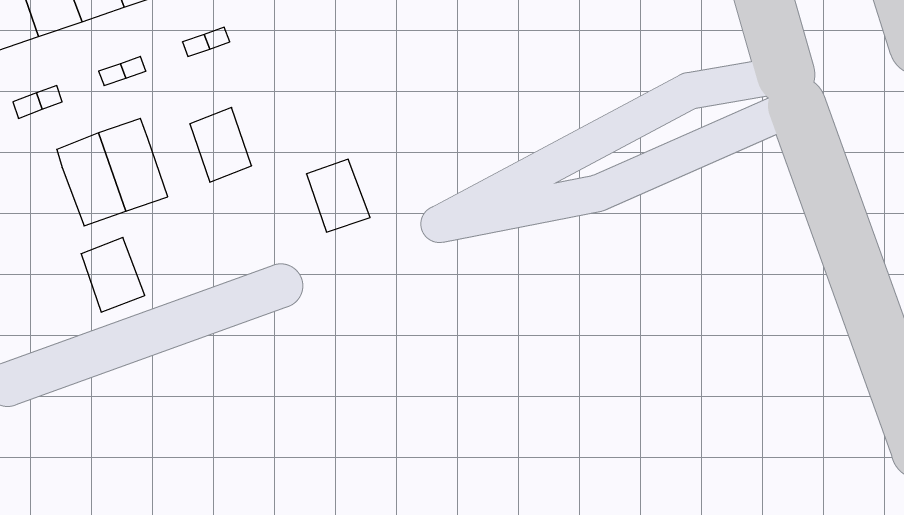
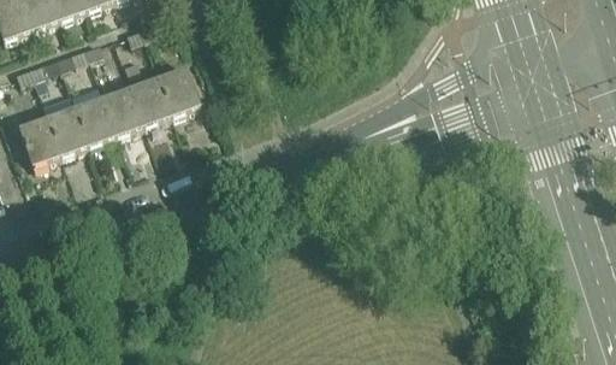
building: none -> [103,87,144,135]
building: [306,159,370,232] -> [159,66,201,114]
building: [81,237,145,312] -> [19,116,61,165]

